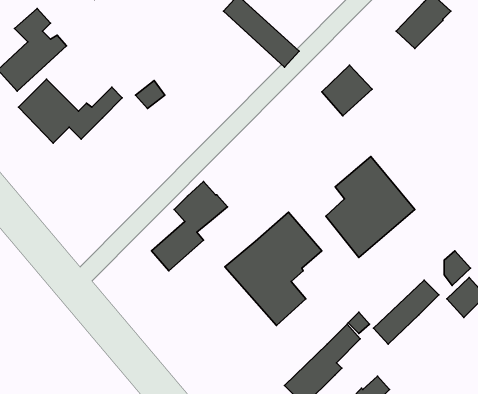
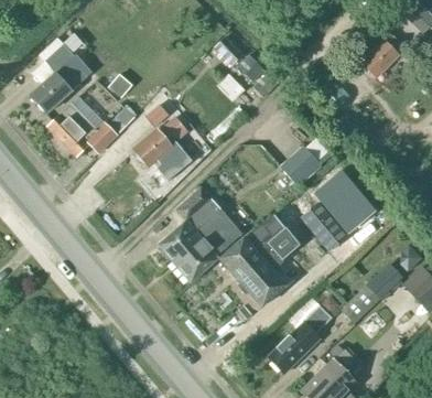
building: [322,65,372,116] -> [280,144,322,186]
building: none -> [134,117,192,181]
building: none -> [173,208,245,282]

